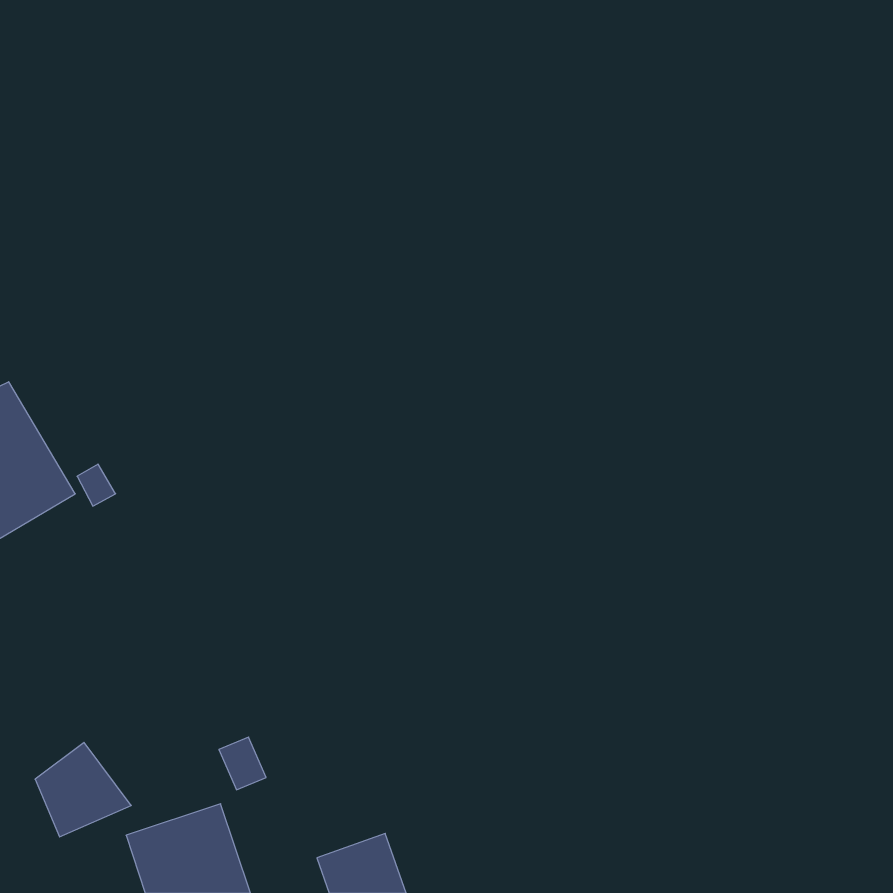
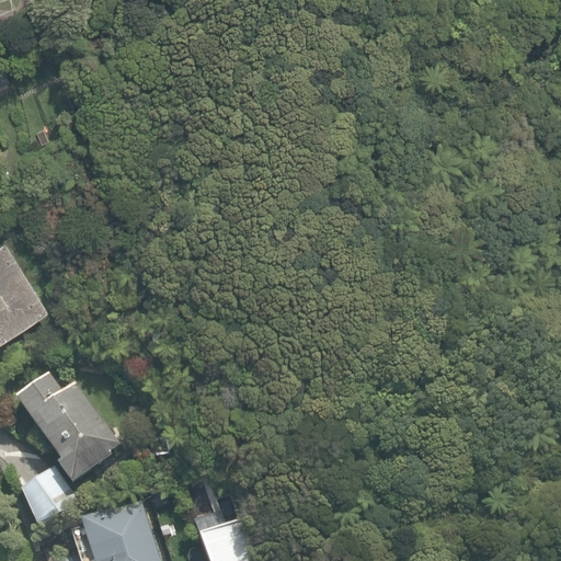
building: none -> [14,373,119,482]

